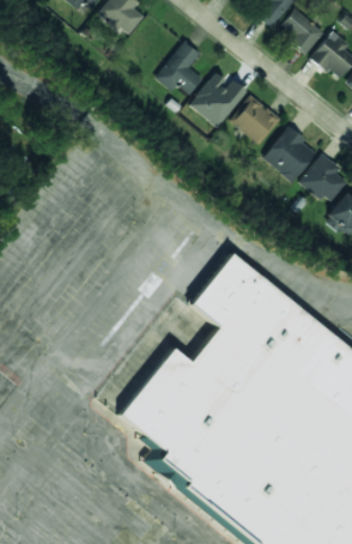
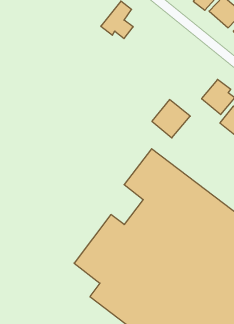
building: [192,71,245,126] -> none
building: [231,95,280,144] -> none
building: [263,126,318,181] -> [152,100,190,138]

